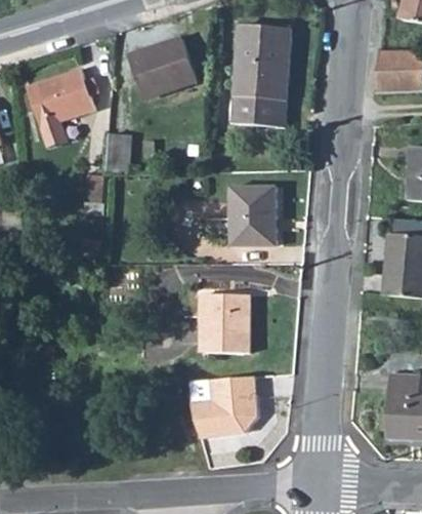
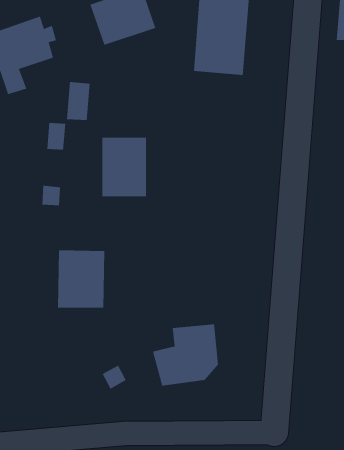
building: [230,186,276,245] -> [102,137,147,197]
building: [202,293,250,352] -> [57,250,105,308]

